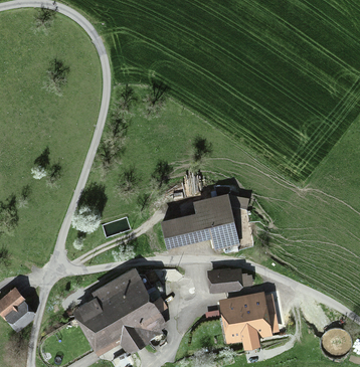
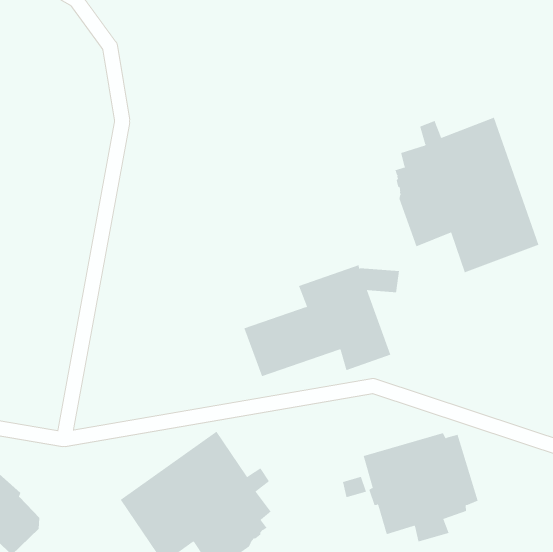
building: none -> [394,117,539,273]
building: [207,267,252,293] -> none

